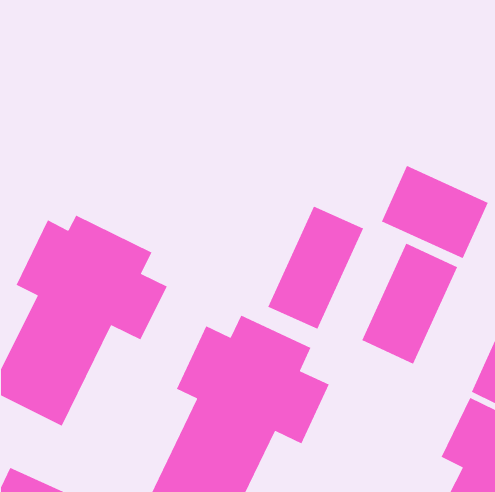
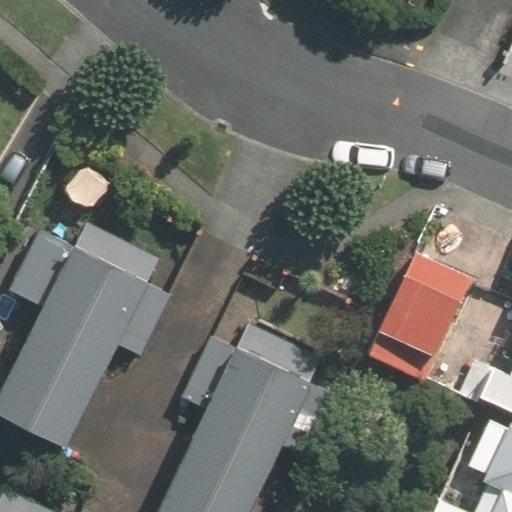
building: [381,165,489,259] -> none
building: [267,205,364,330] -> none

